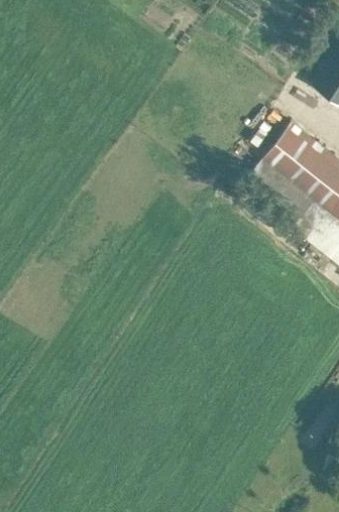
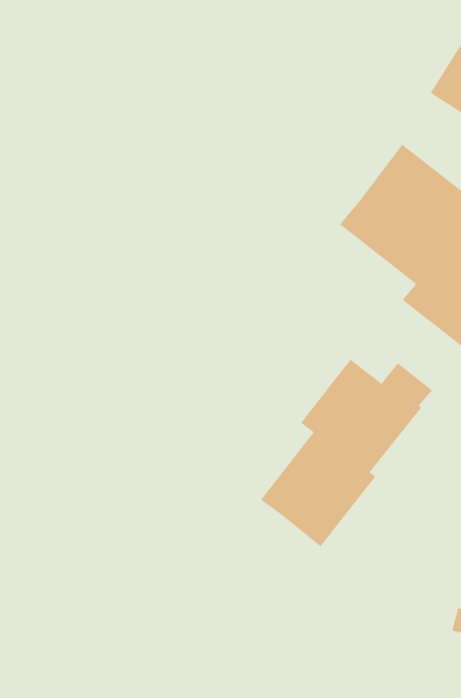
building: none -> [260,359,433,547]

